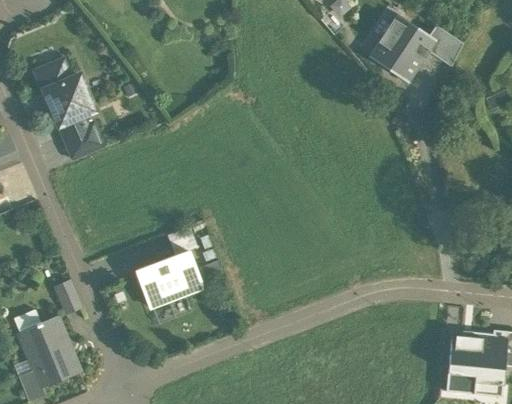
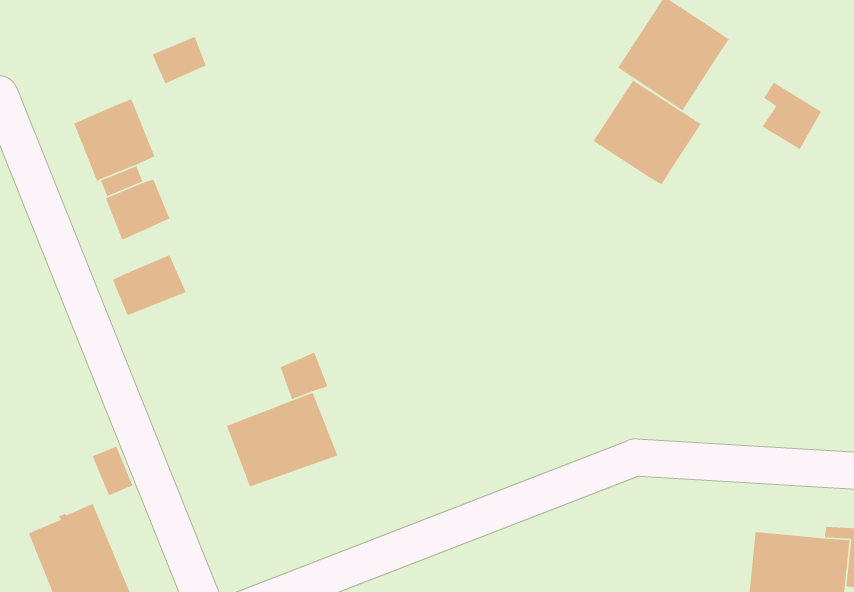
building: [427,25,463,66] -> [762,81,822,150]
building: [36,61,69,90] -> [151,36,207,84]
building: none -> [593,80,702,185]
building: none -> [112,255,187,316]

